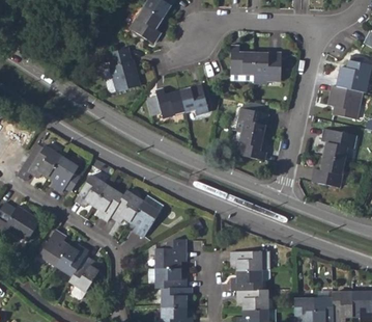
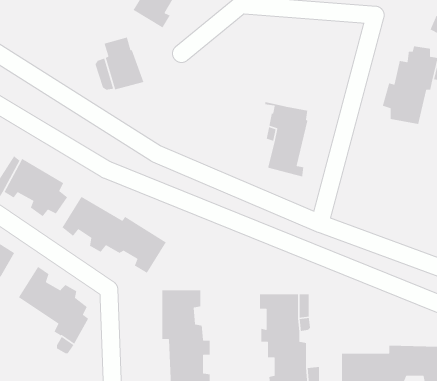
building: [230,46,281,84] -> none
building: [147,85,209,118] -> none
building: [312,130,355,187] -> none

